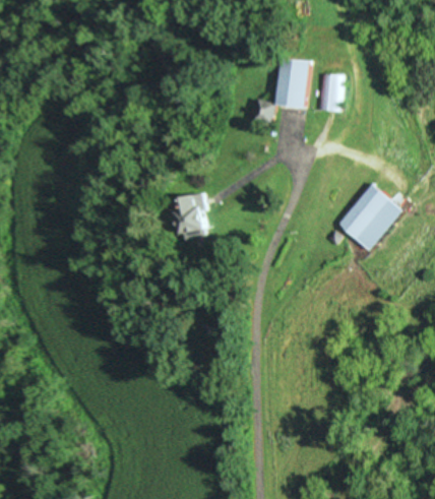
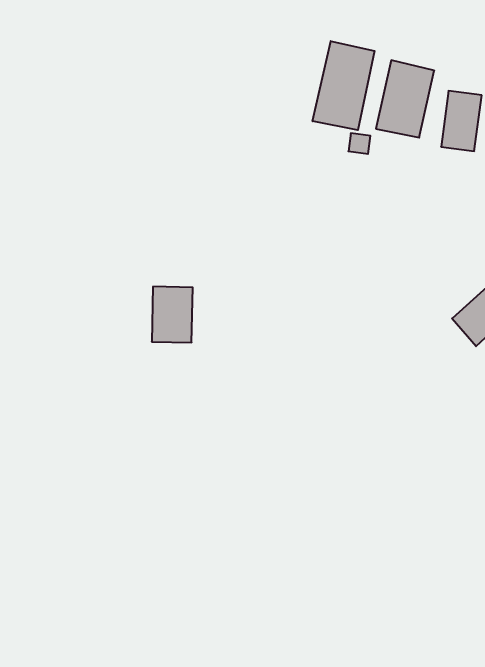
building: none -> [313,41,375,130]
building: [176,195,206,235] -> [152,287,193,342]

